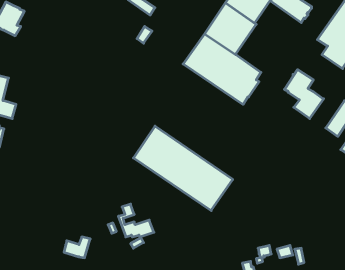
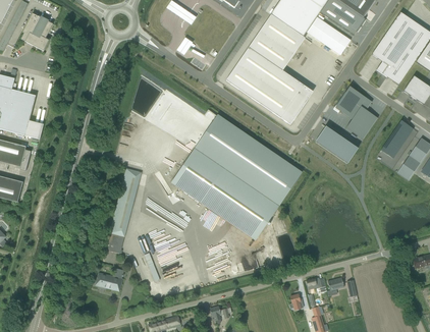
building: none -> [307,16,351,54]
building: none -> [195,114,302,205]
building: none -> [315,128,358,163]
building: none -> [105,167,141,253]

